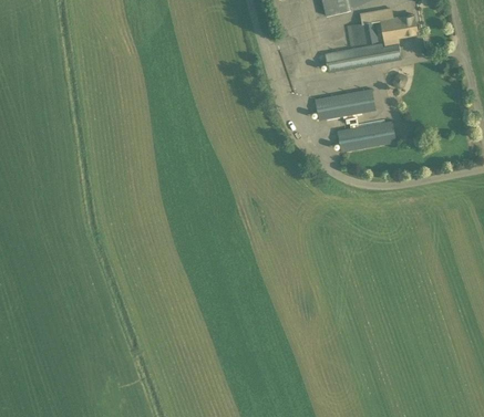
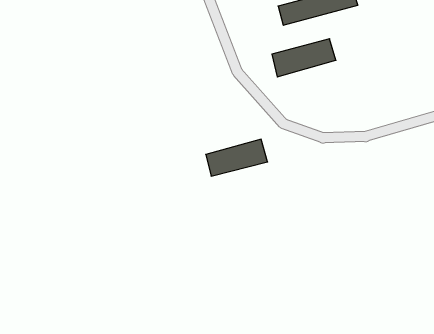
building: [338,121,397,152] -> [206,139,268,176]

